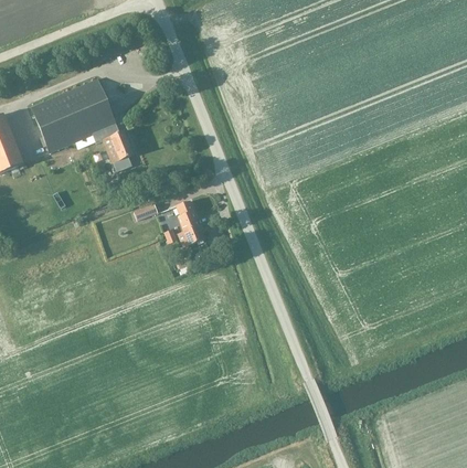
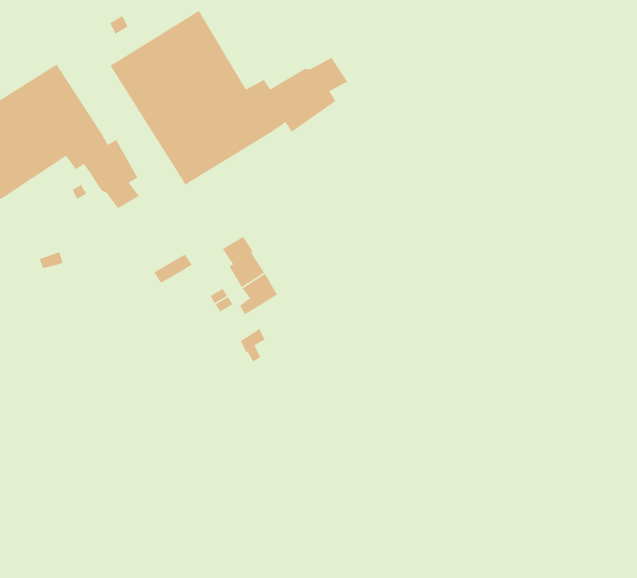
building: none -> [109,10,348,185]

